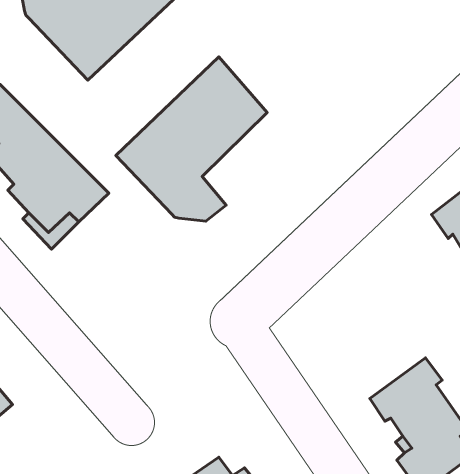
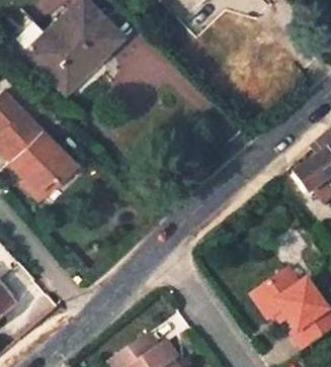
building: [116,57,267,221] -> none

